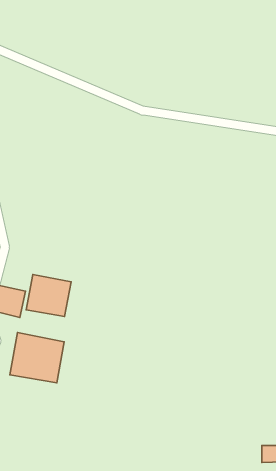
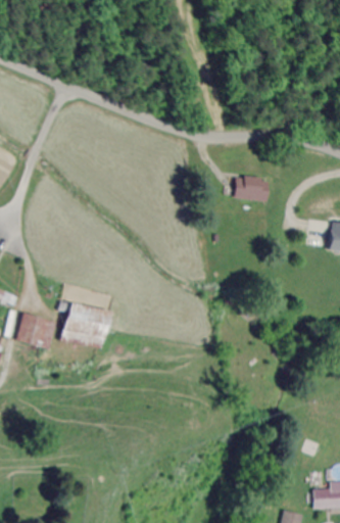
building: none -> [234,177,269,199]
building: [10,333,64,383] -> none

